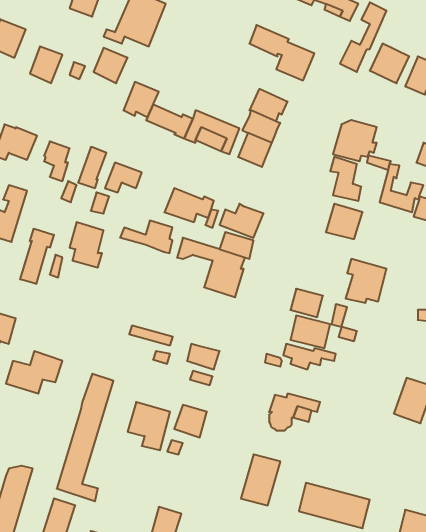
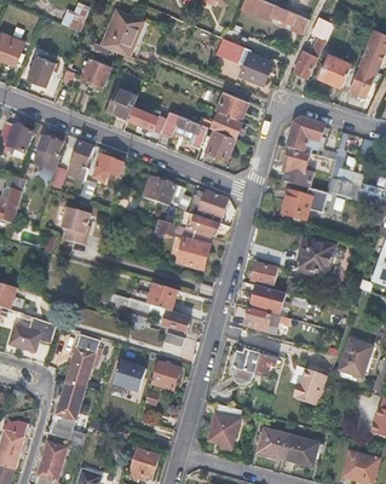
building: [120,221,172,253] -> [128,283,173,311]
building: [20,229,54,284] -> none
building: none -> [292,369,328,407]

